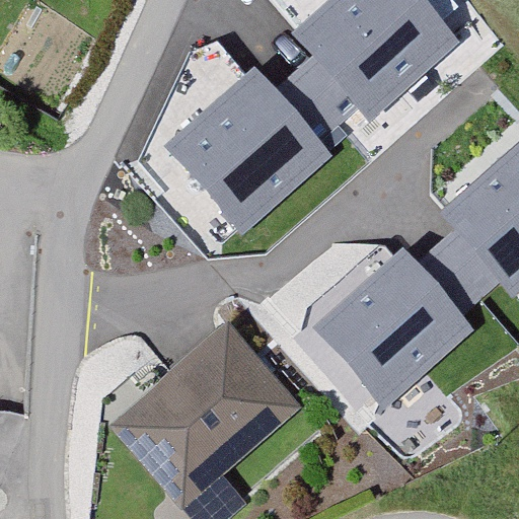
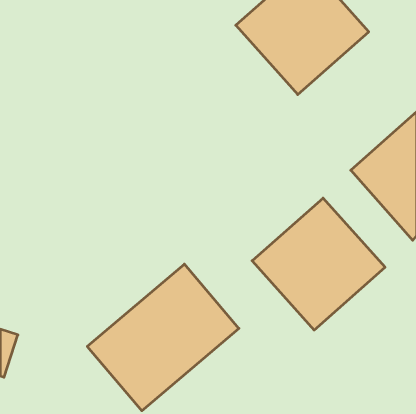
building: [168,65,333,229] -> none

